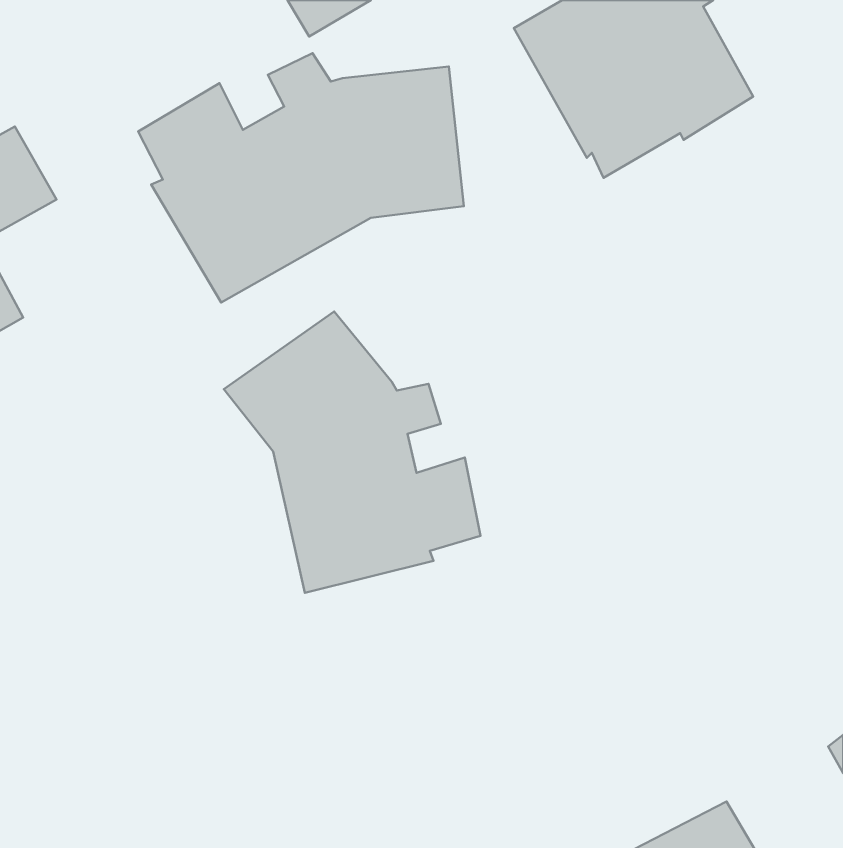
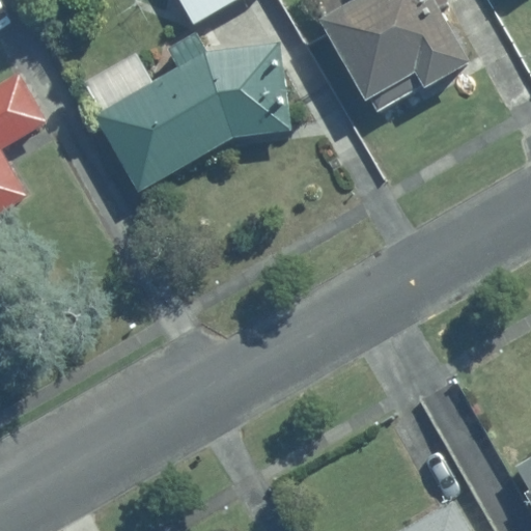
building: [224,311,480,593] -> none

